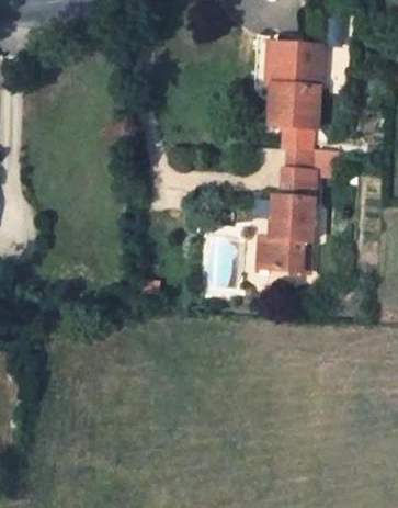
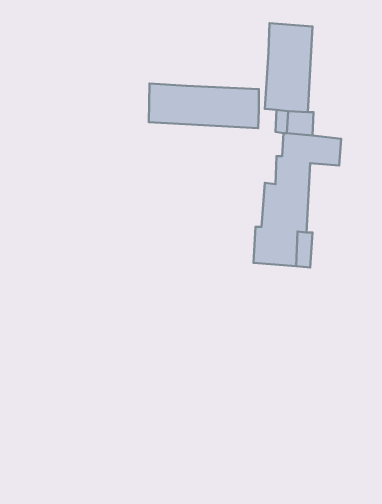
building: none -> [149,83,259,128]

